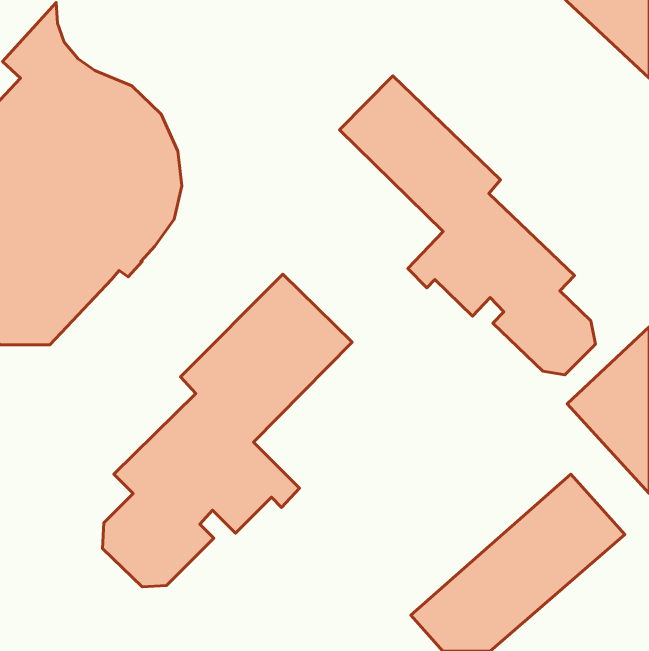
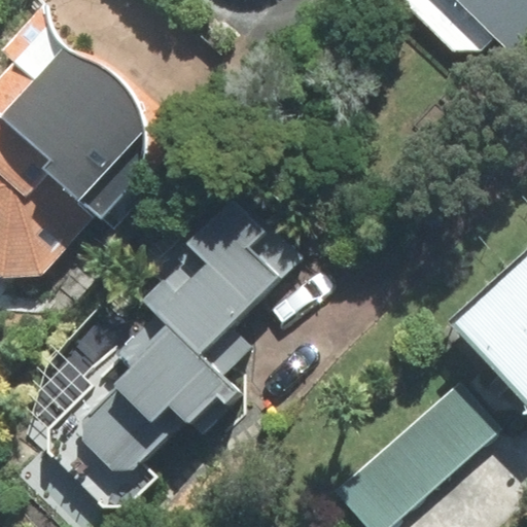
building: [340,76,596,375] -> none

